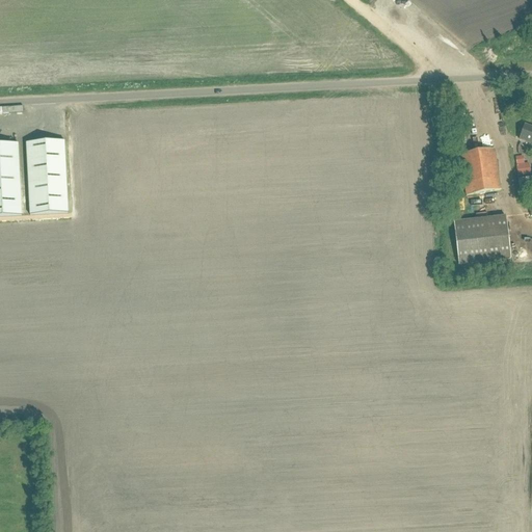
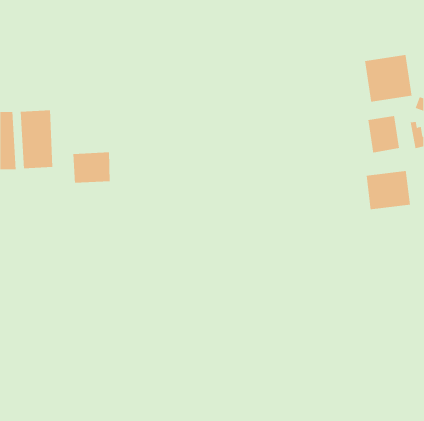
building: none -> [364,54,412,102]
building: none -> [73,152,110,184]

